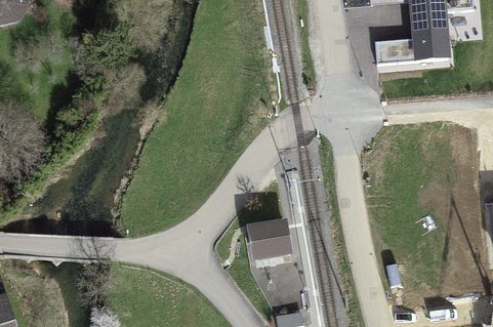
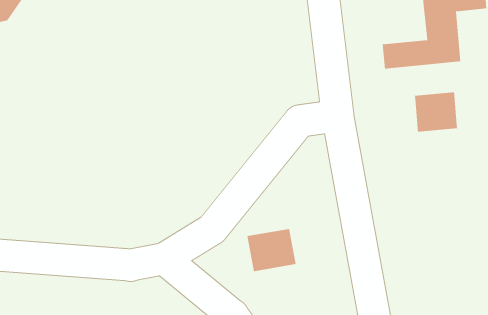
building: none -> [414,92,458,132]

